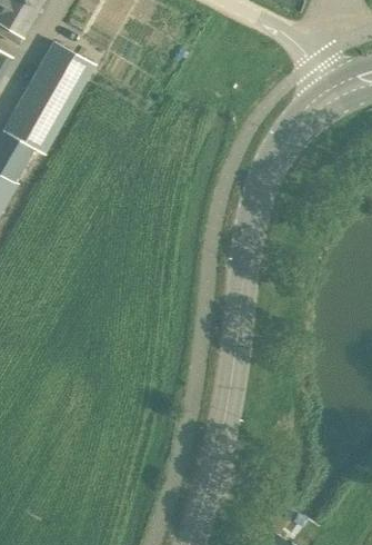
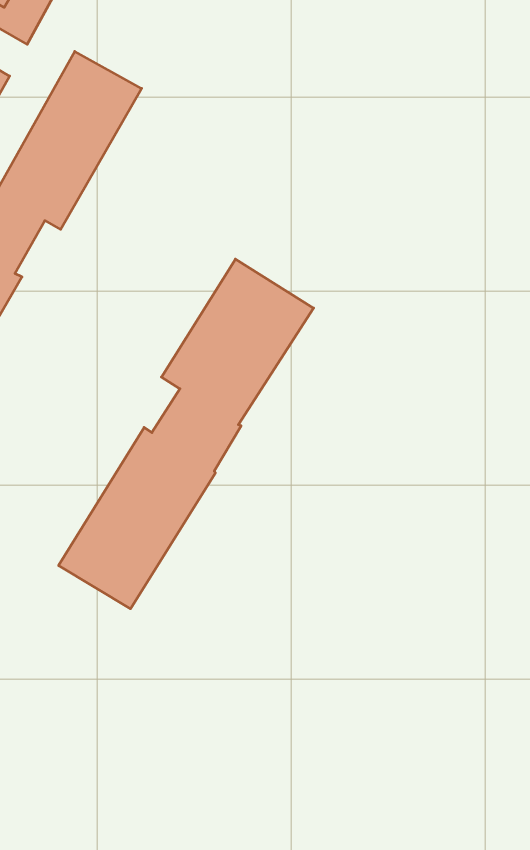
building: none -> [59,259,314,609]

